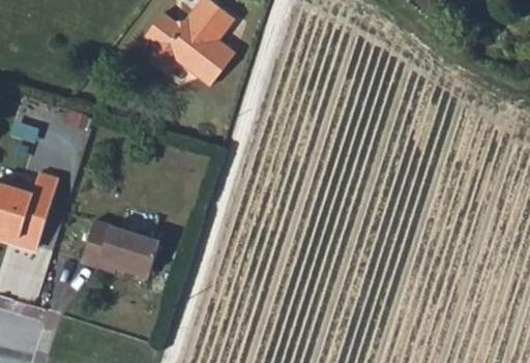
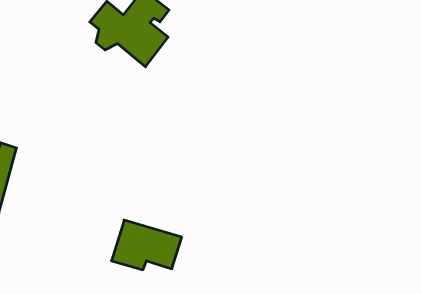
building: [79,219,159,276] -> [111,220,182,270]

